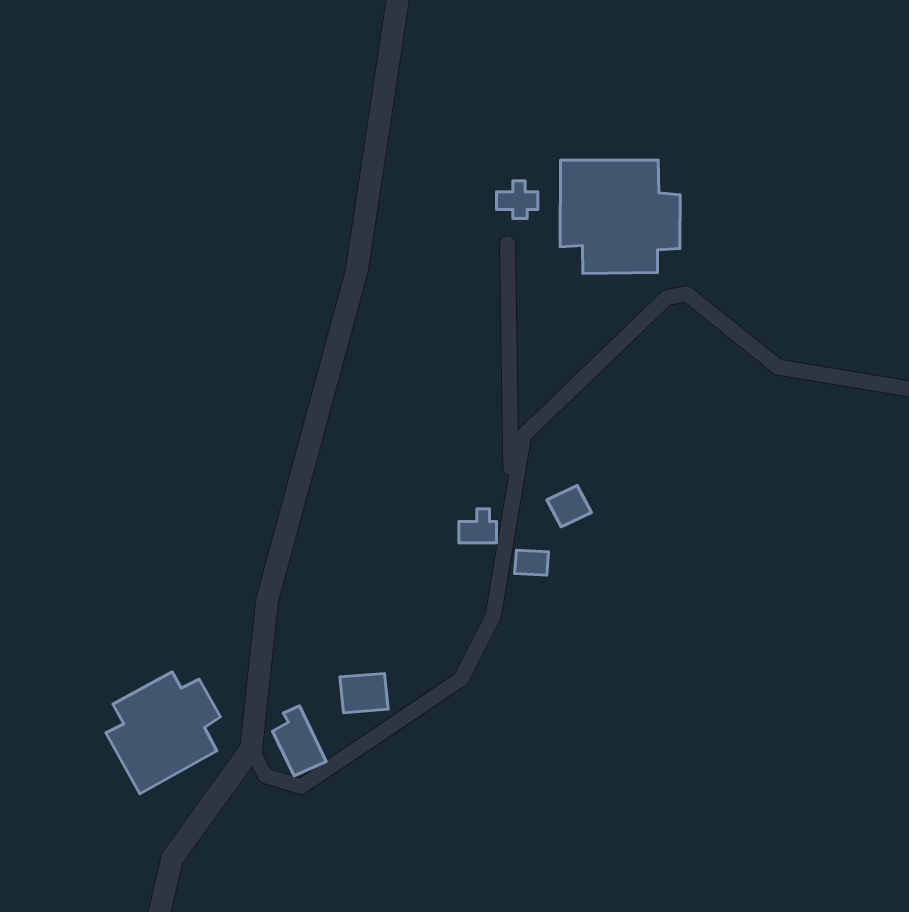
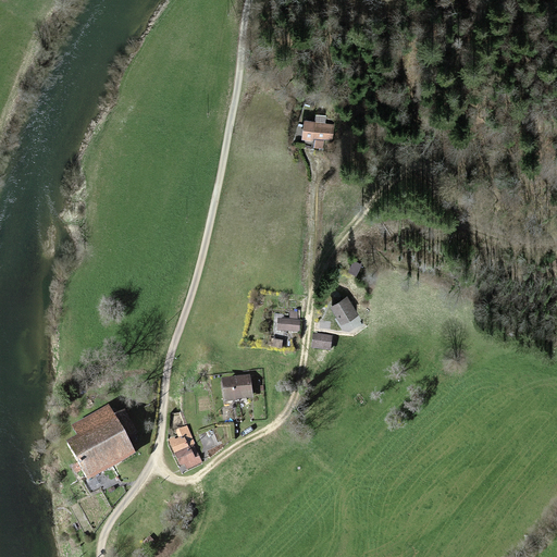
building: [560,160,680,273] -> none
building: [340,673,388,713] -> [222,375,251,399]

